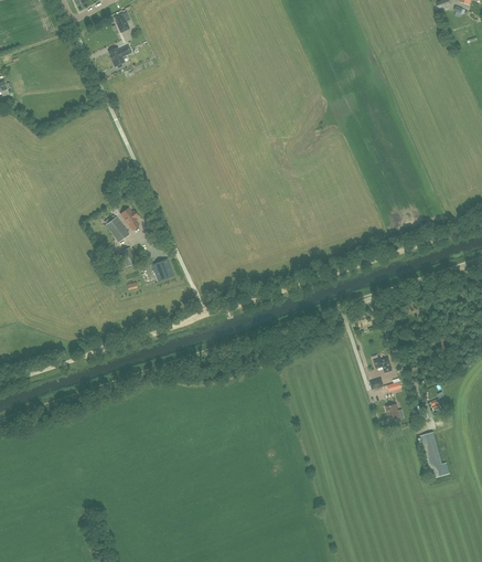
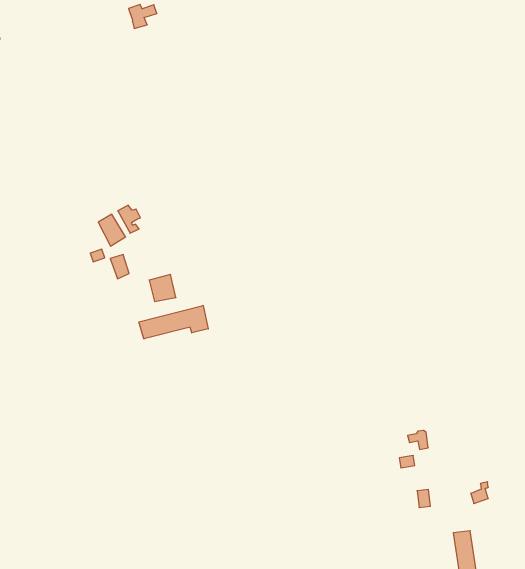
building: none -> [139,305,208,339]

